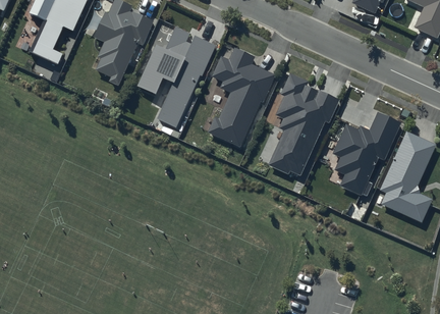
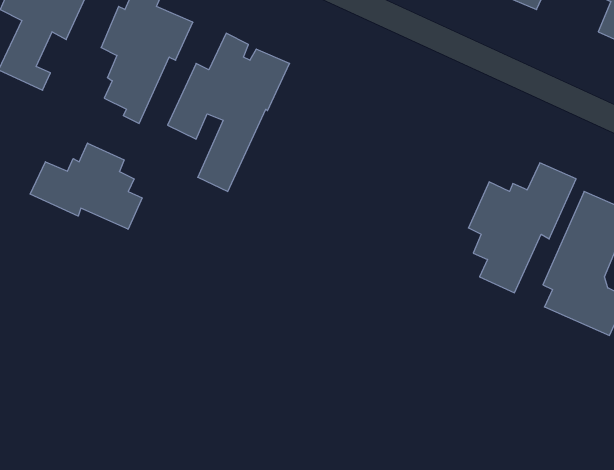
building: [209,48,275,146] -> none
building: [269,74,339,175] -> none
building: none -> [30,143,142,229]

